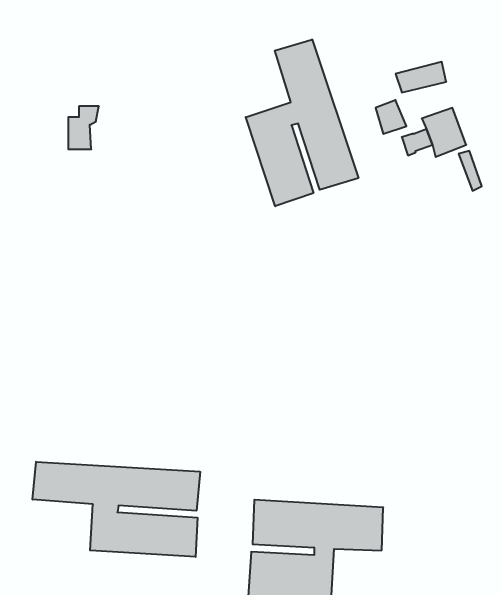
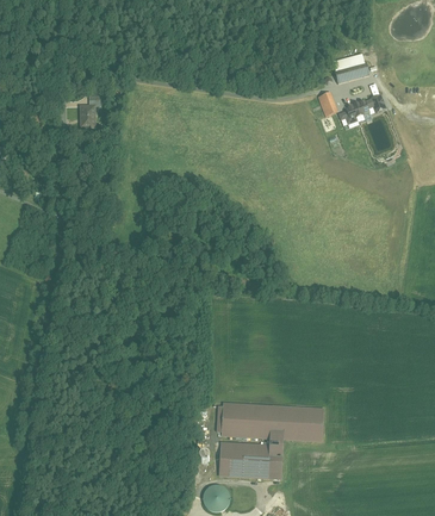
building: [246,39,358,206] -> none
building: [33,462,200,557] -> none

